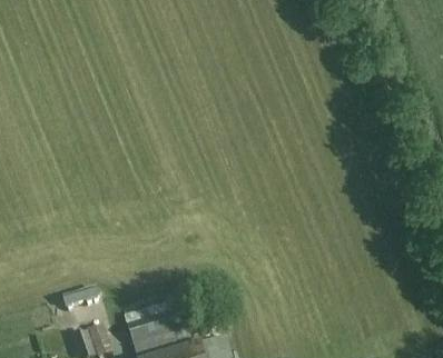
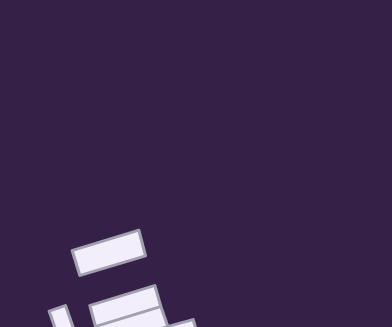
building: none -> [72,230,146,275]

